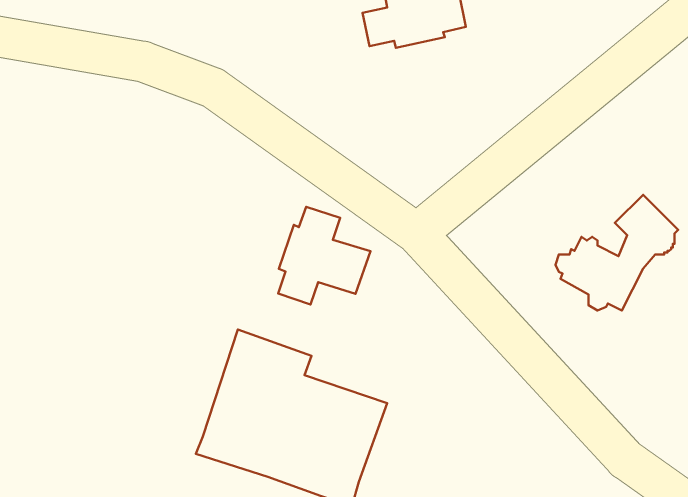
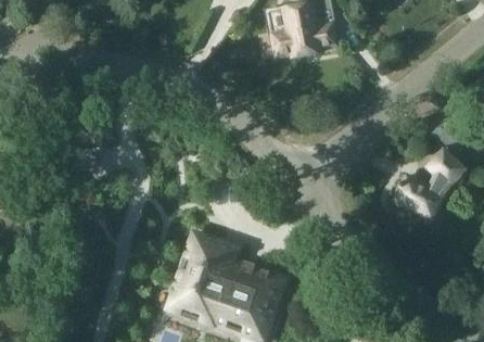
building: [278,207,370,304] -> none

